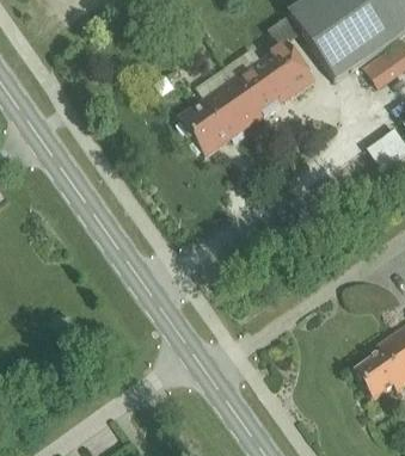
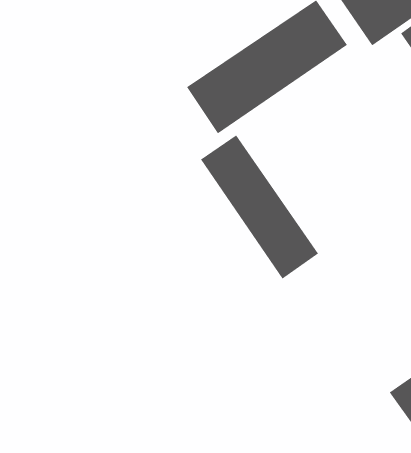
building: none -> [200,135,319,279]

